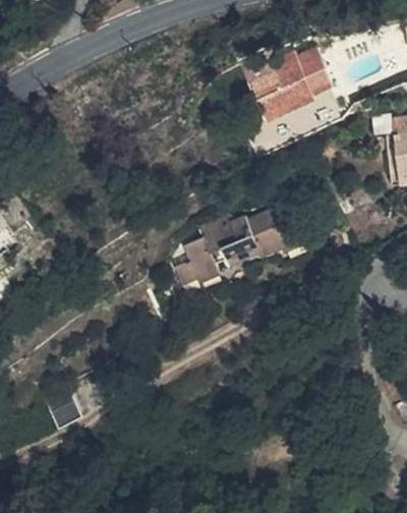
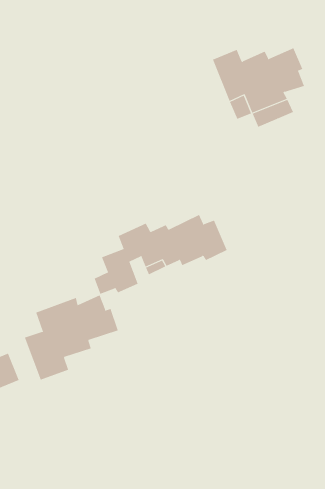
building: none -> [24,295,118,380]

